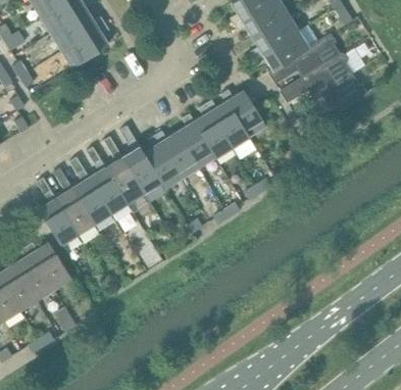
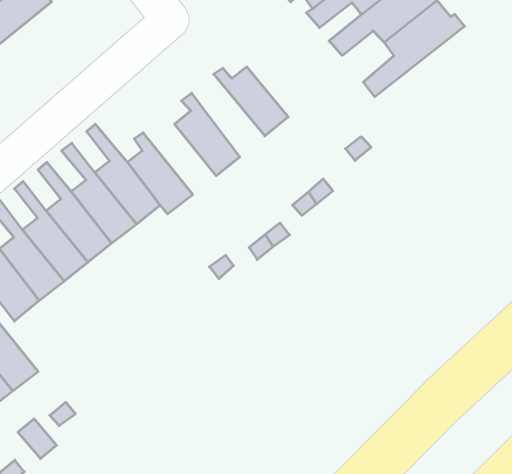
building: [221,91,266,137] -> none
building: [194,104,233,158] -> none
building: [156,132,199,179] -> none

